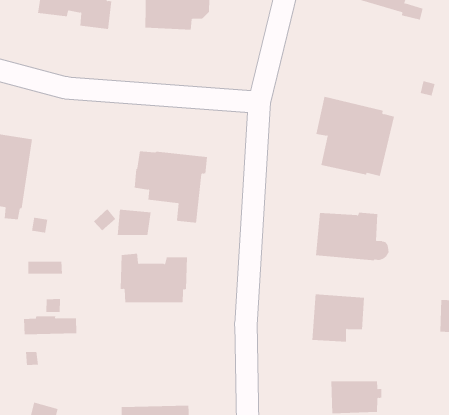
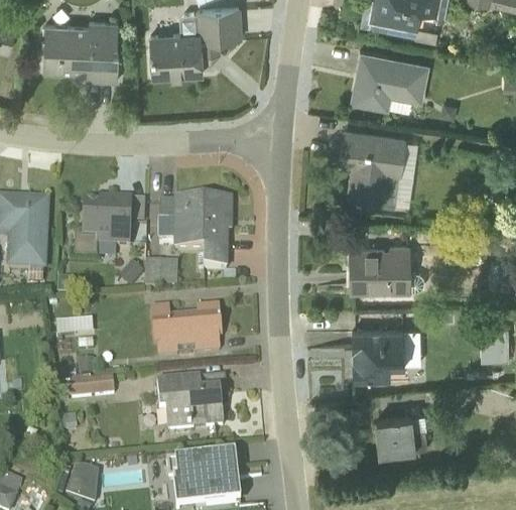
building: none -> [351,48,430,109]
building: none -> [75,196,145,257]
building: none -> [157,375,228,429]

